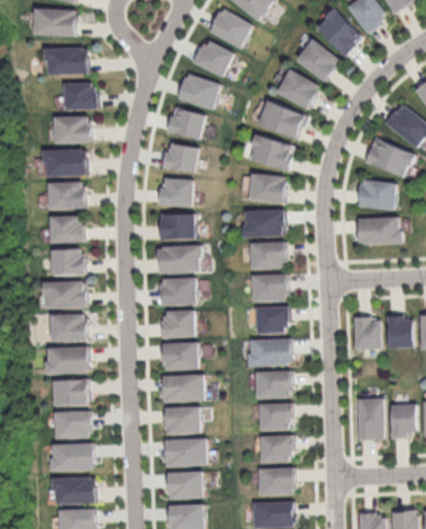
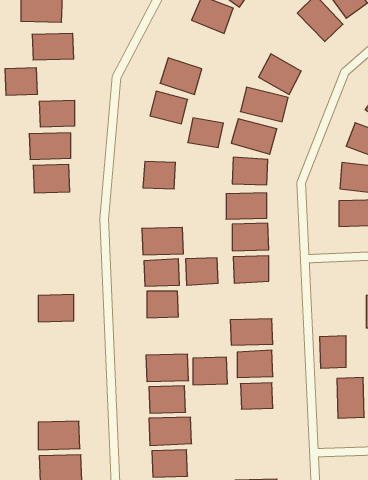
building: [295,38,340,82] -> none
building: [193,40,232,75] -> none
building: [62,82,95,110] -> [5,68,37,95]
building: [161,143,197,173] -> [188,118,223,147]
building: [158,214,193,240] -> none
building: [50,215,84,243] -> none
building: [52,248,85,274] -> none
building: [45,280,88,308] -> none
building: [254,306,287,334] -> [186,258,218,285]
building: [353,316,379,349] -> [320,336,346,368]
building: [163,341,199,369] -> [193,357,228,385]
building: [48,346,90,374] -> none
building: [54,379,90,405] -> none
building: [55,410,92,438] -> none
building: [260,435,293,463] -> none
building: [257,467,295,495] -> none

